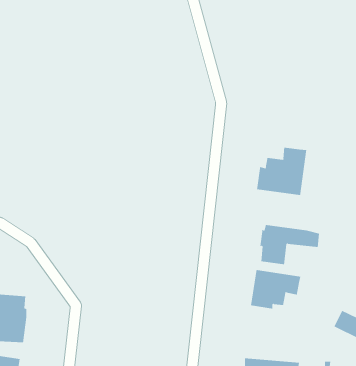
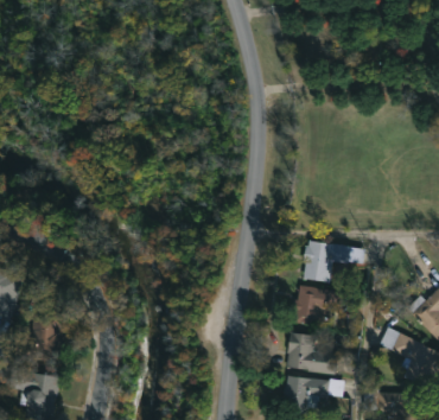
building: [256,147,307,196] -> none
building: none -> [286,331,338,374]

